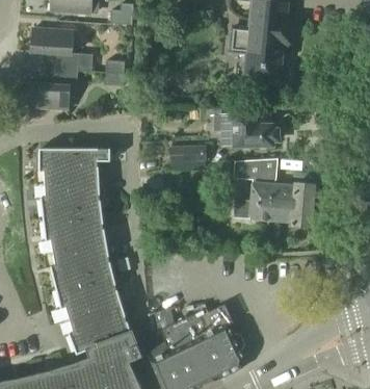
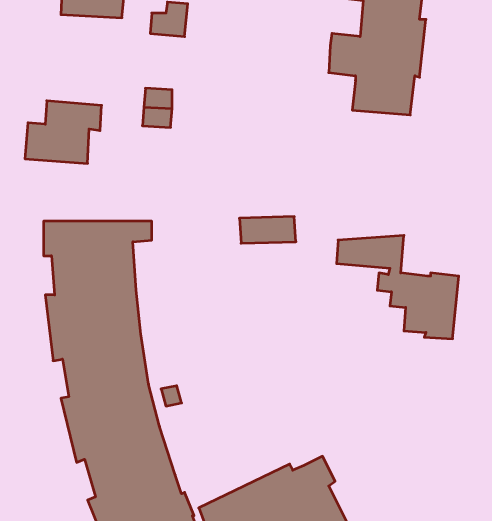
building: [30,28,92,73] -> none
building: [213,107,279,146] -> none
building: [233,177,279,222] -> none

